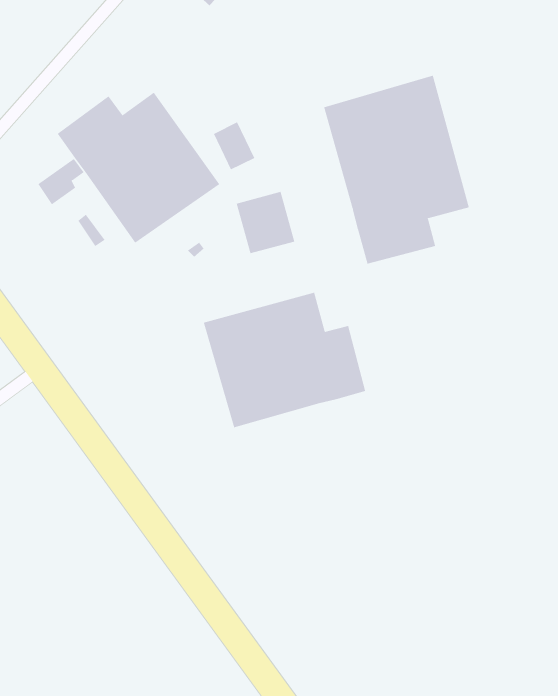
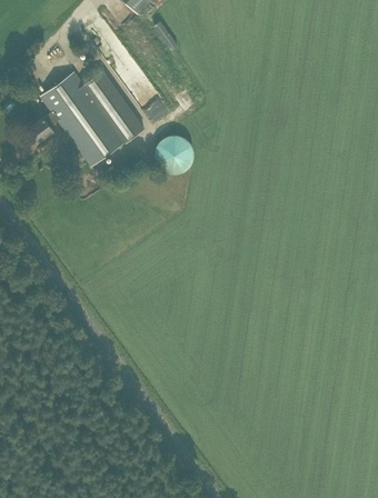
building: [324,75,469,265] -> none
building: [203,292,366,428] -> none

